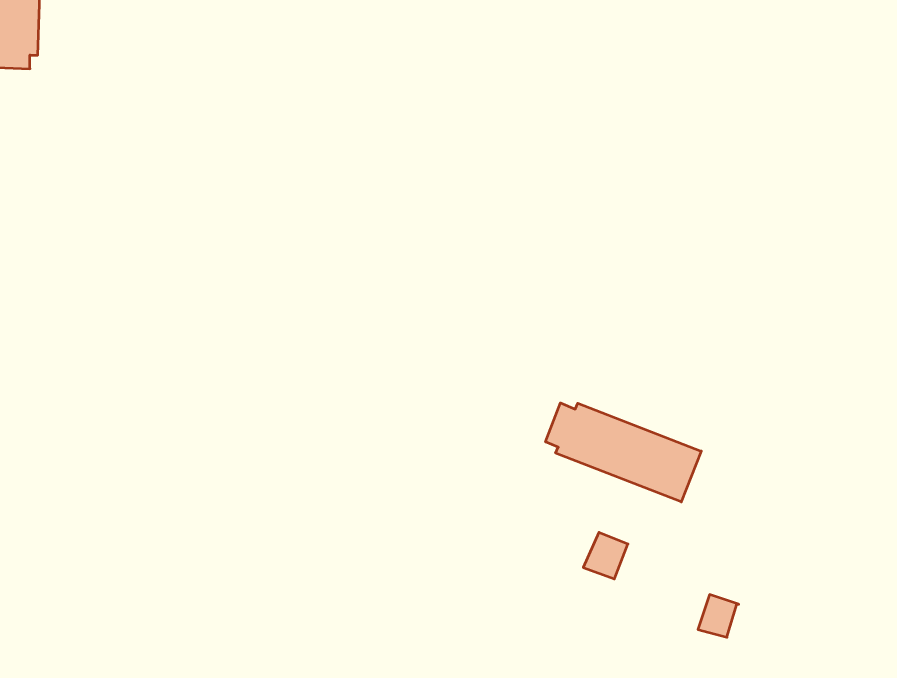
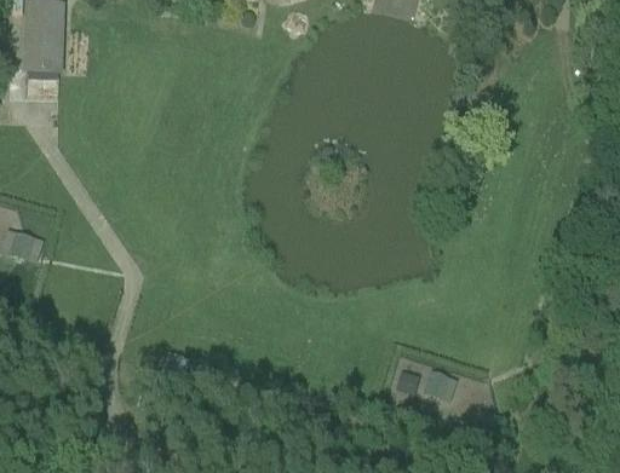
building: [546,403,701,502] -> none

